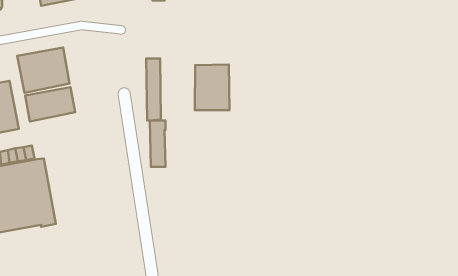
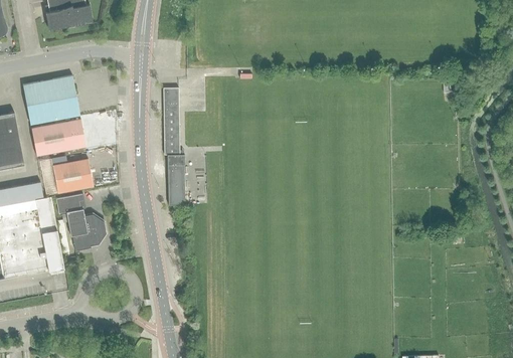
building: [195,65,229,110] -> none
building: none -> [52,158,94,193]
building: none -> [55,193,106,250]

